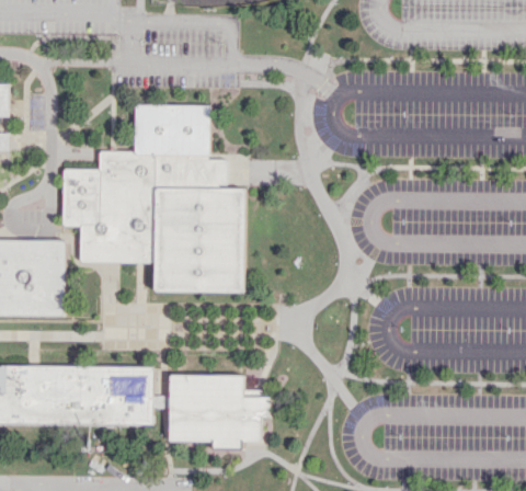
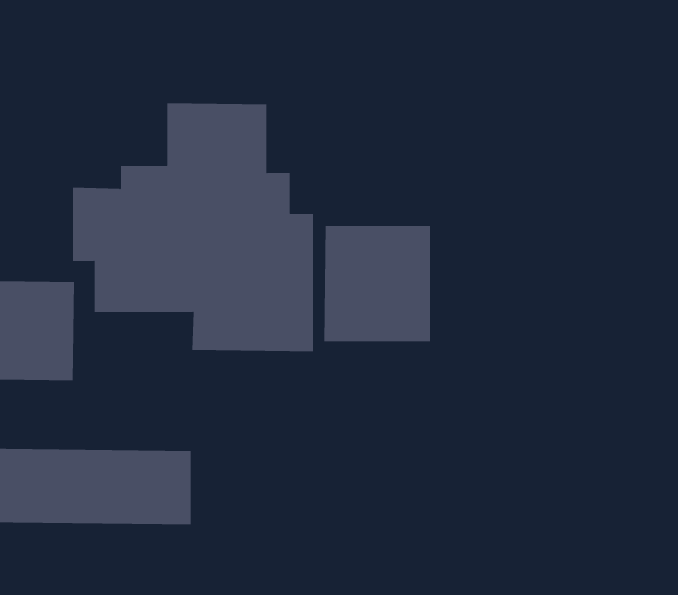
building: none -> [324,225,430,342]
building: [169,375,270,448] -> none

